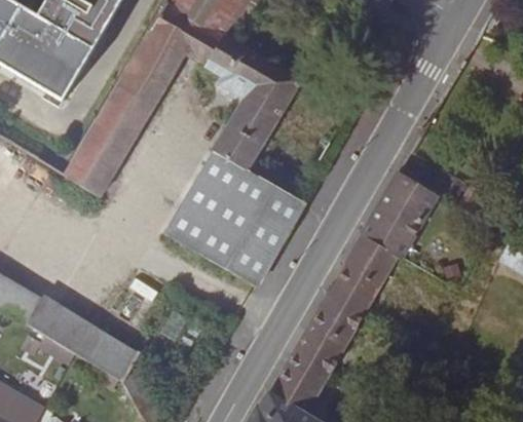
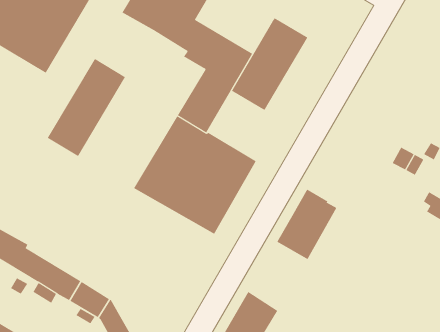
building: [118,31,186,105] -> none
building: none -> [231,17,308,111]
building: [362,165,437,258] -> none
building: [294,294,363,373] -> none

